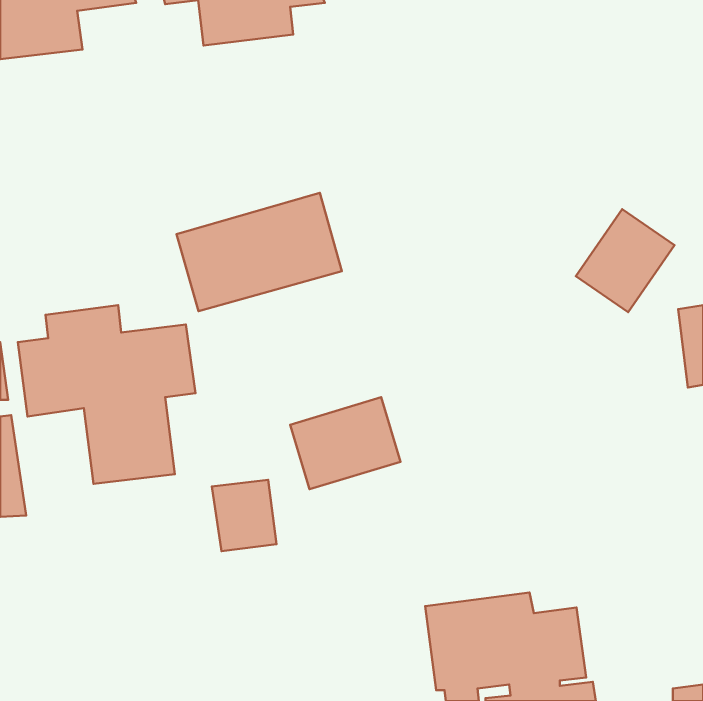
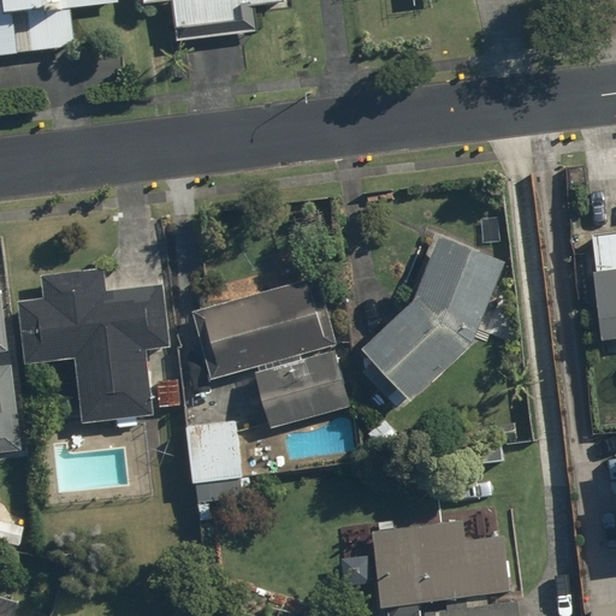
building: [177,193,342,311] -> [191,274,336,378]
building: [576,209,675,312] -> none
building: none -> [360,236,504,407]

